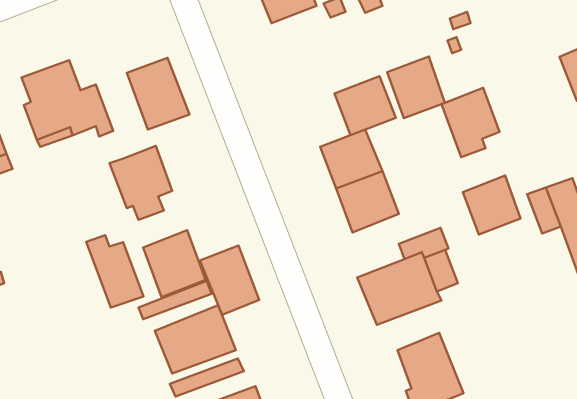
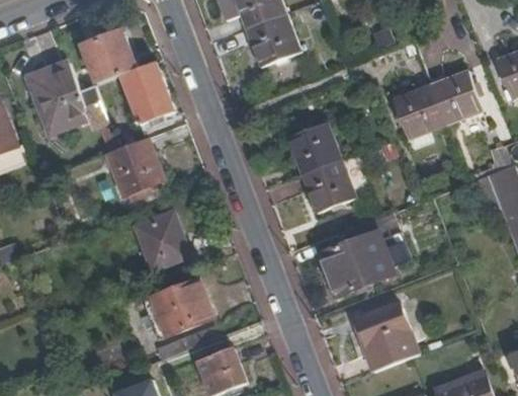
building: none -> [82,27,137,79]
building: [387,56,445,118] -> none
building: none -> [431,71,484,125]
building: [334,76,396,135] -> [246,14,299,66]
building: [463,175,520,234] -> none
building: [86,235,143,308] -> none
building: [200,245,259,315] -> none

